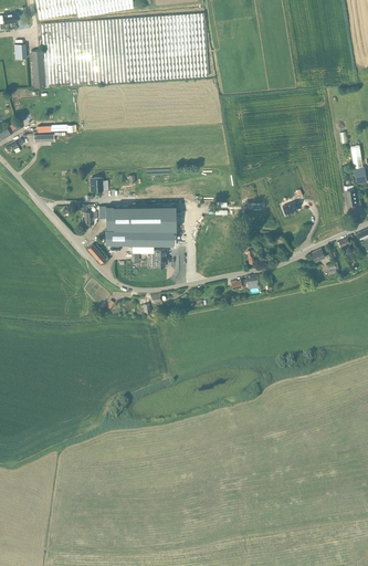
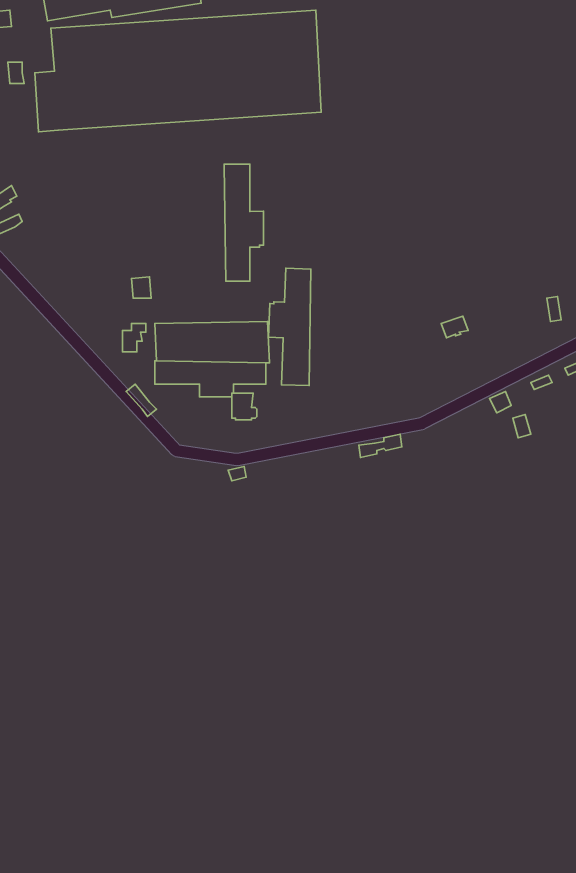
building: none -> [224,164,264,281]
building: none -> [269,268,311,386]

